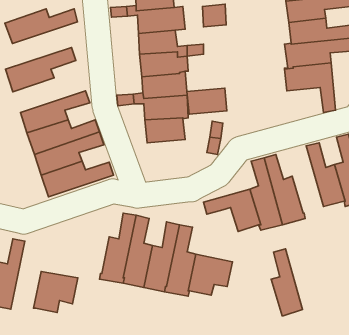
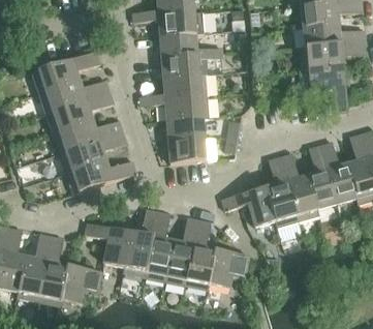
building: [5,9,77,44] -> [39,79,108,112]
building: [187,88,227,114] -> [167,138,206,162]
building: none -> [84,221,131,266]
building: none -> [37,235,66,304]
building: [271,249,303,316] -> [306,144,336,208]

